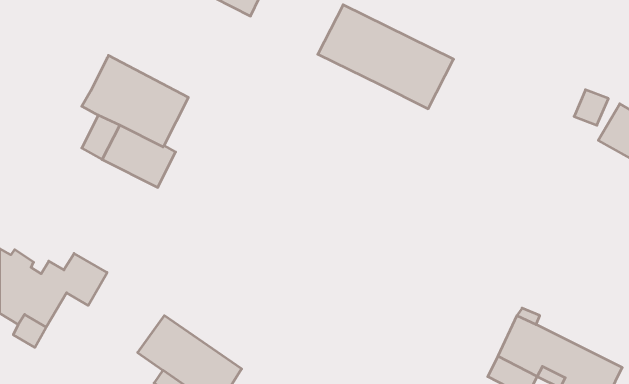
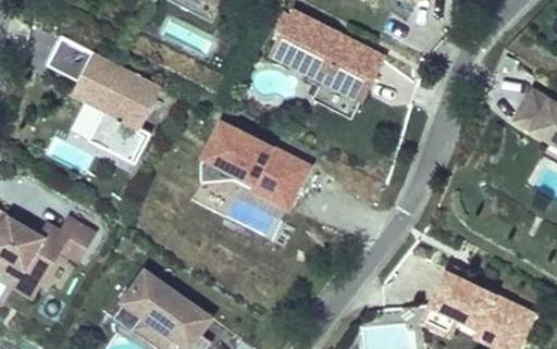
building: none -> [47,35,92,79]
building: none -> [317,74,366,113]
building: none -> [199,115,313,210]

